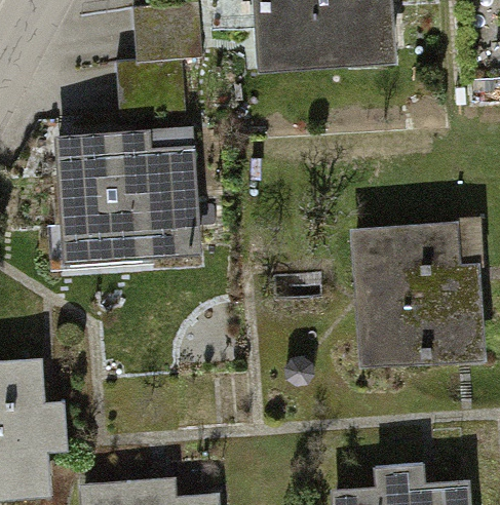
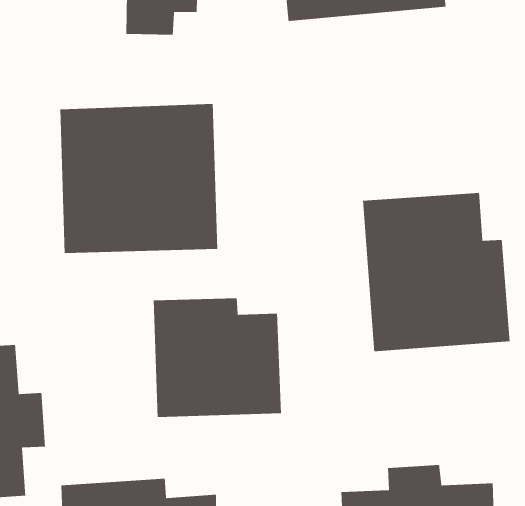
building: none -> [153,298,282,418]

